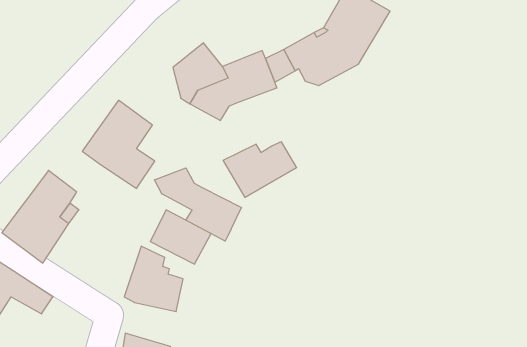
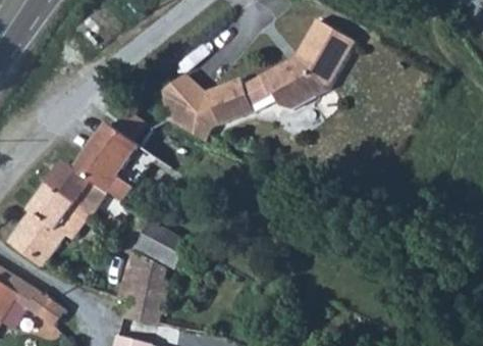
building: [223,142,297,197] -> none
building: none -> [47,159,93,213]
building: [154,168,241,241] -> none

